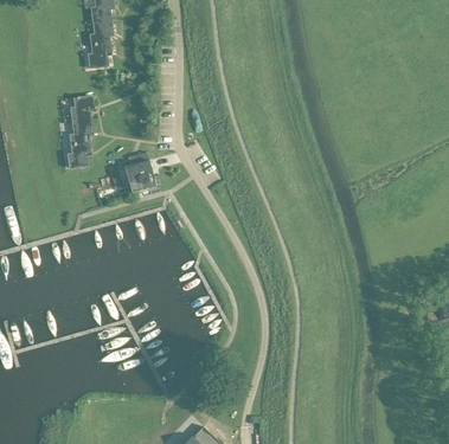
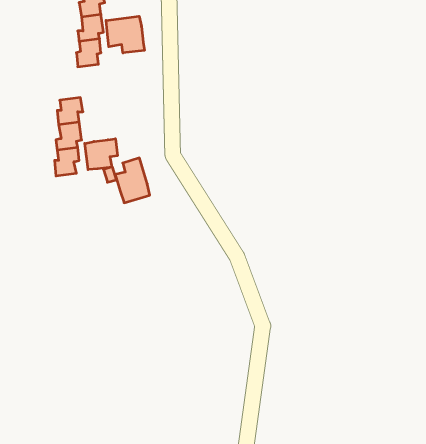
building: none -> [106,16,144,53]
building: none -> [85,139,117,170]

